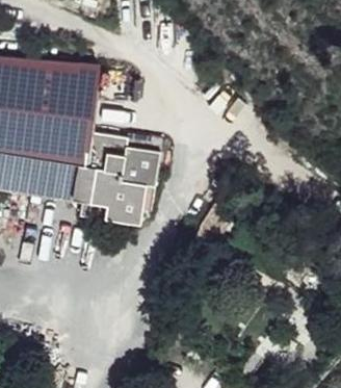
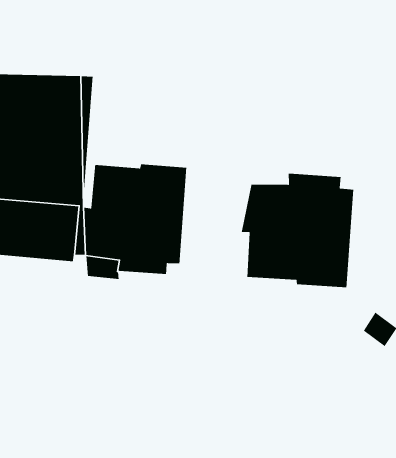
building: none -> [241,173,354,288]

